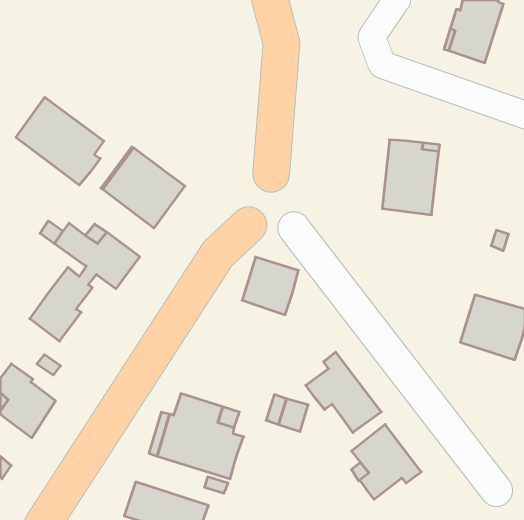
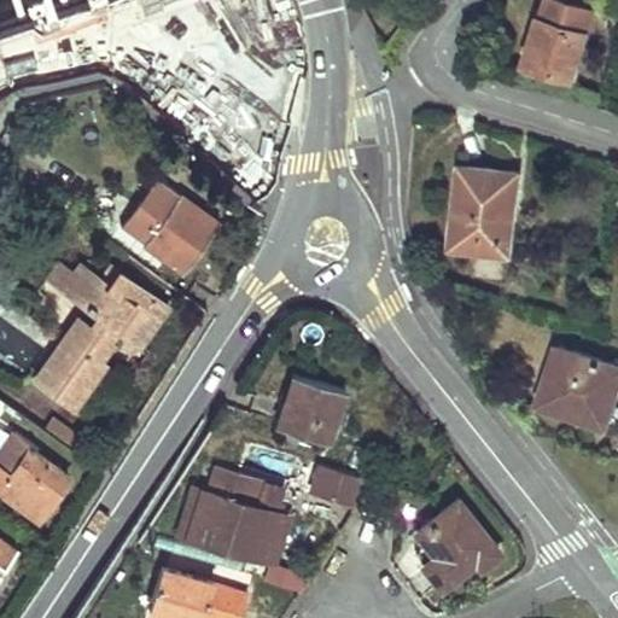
building: [16,97,104,185] -> none
building: [242,257,299,315] -> [276,378,343,445]
building: [306,352,381,433] -> none

